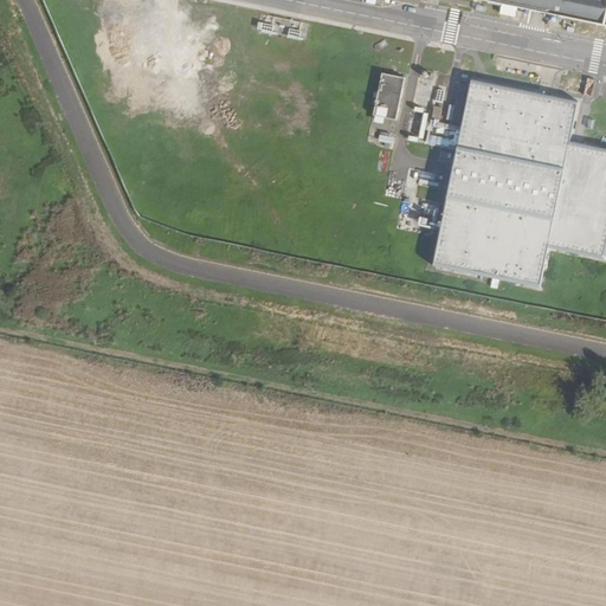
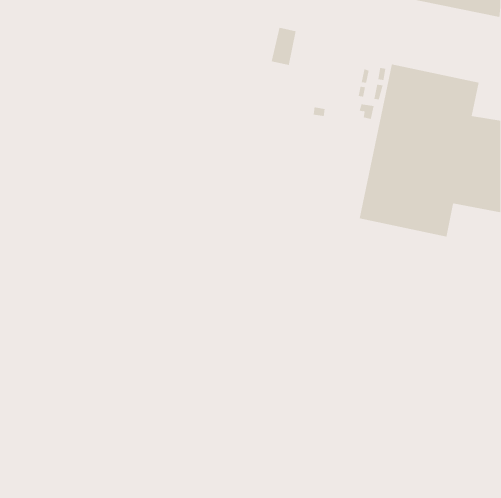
building: [374,71,405,117] -> [271,27,296,65]

